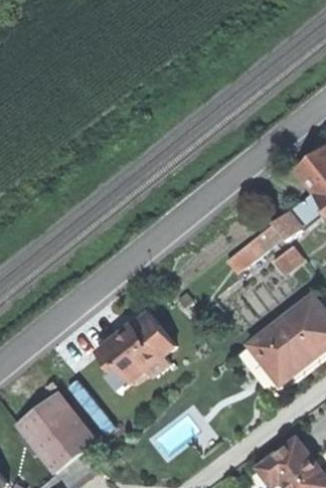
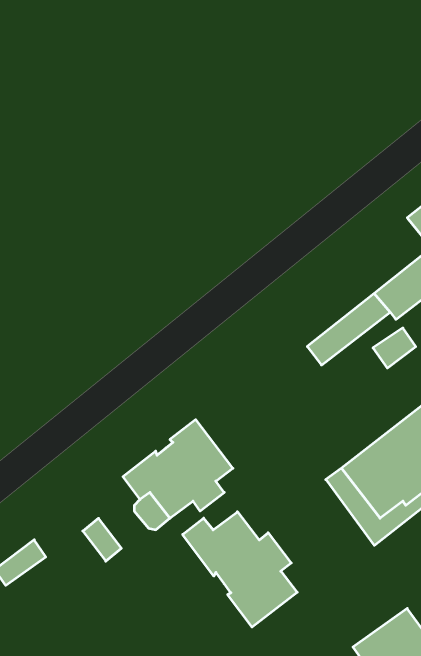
building: none -> [183,512,297,627]
building: [21,393,97,472] -> none

